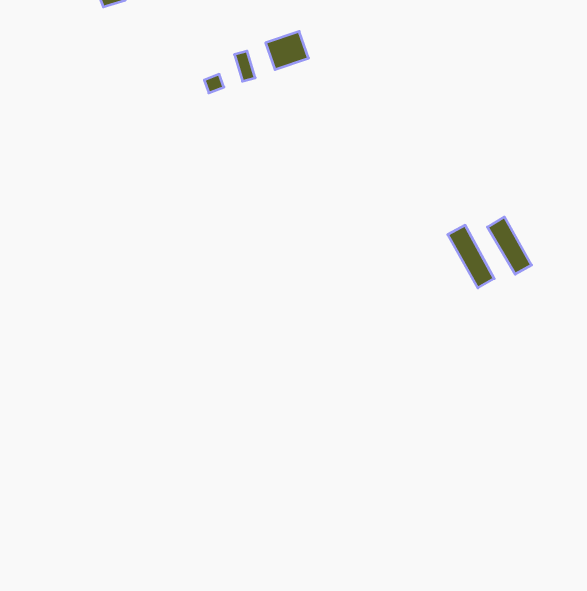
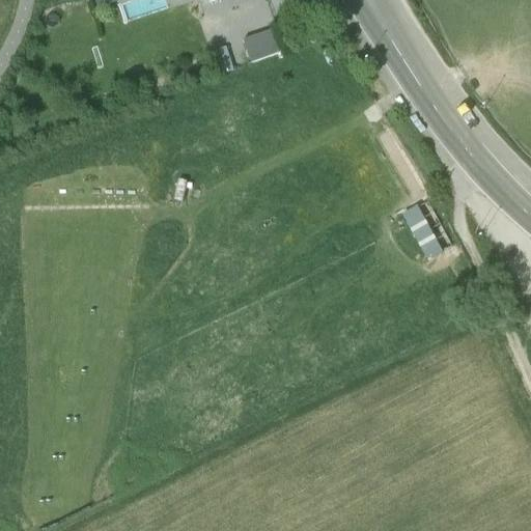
building: [487,217,532,274] -> none

